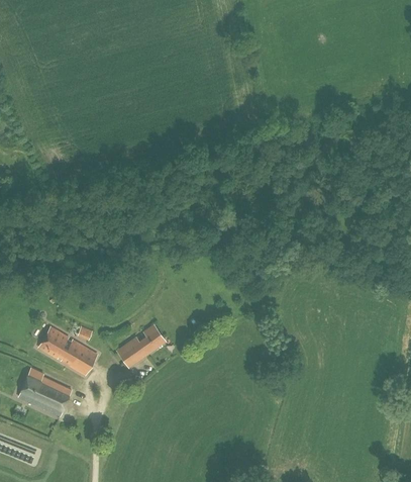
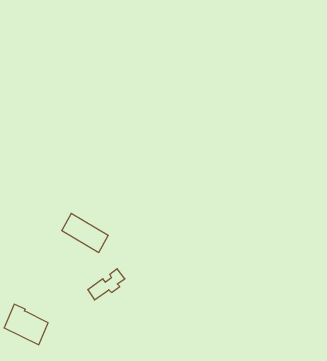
building: [40,327,96,374] -> [62,213,108,252]

